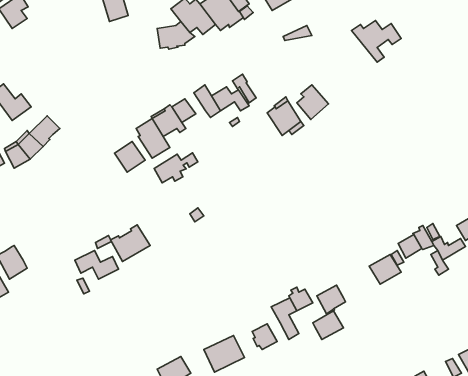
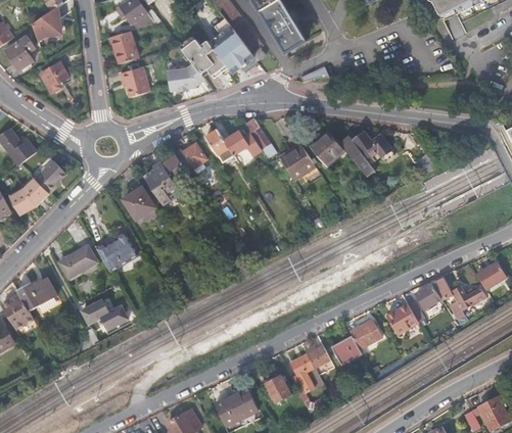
building: none -> [40,61,67,92]
building: [352,21,401,62] -> [339,132,390,175]
building: none -> [120,65,150,96]
building: [154,153,198,183] -> none
building: none -> [59,246,96,278]
building: [111,225,150,261] -> [96,233,137,271]
building: none -> [16,277,56,309]
building: [313,311,343,340] -> [350,319,381,348]

